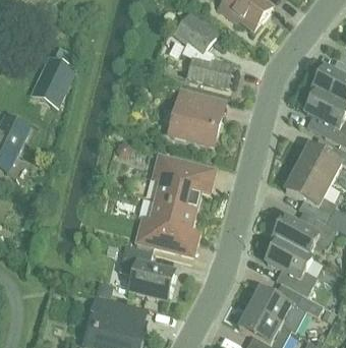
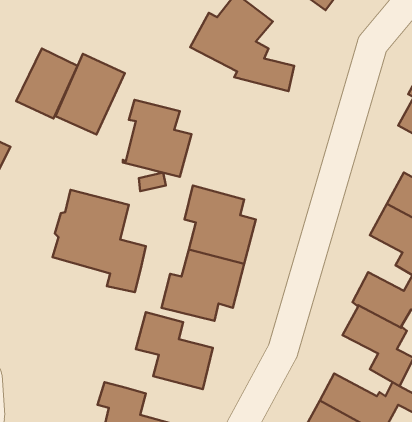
building: none -> [55,54,125,134]
building: [170,89,219,143] -> [123,100,191,177]
building: none -> [53,190,146,292]

